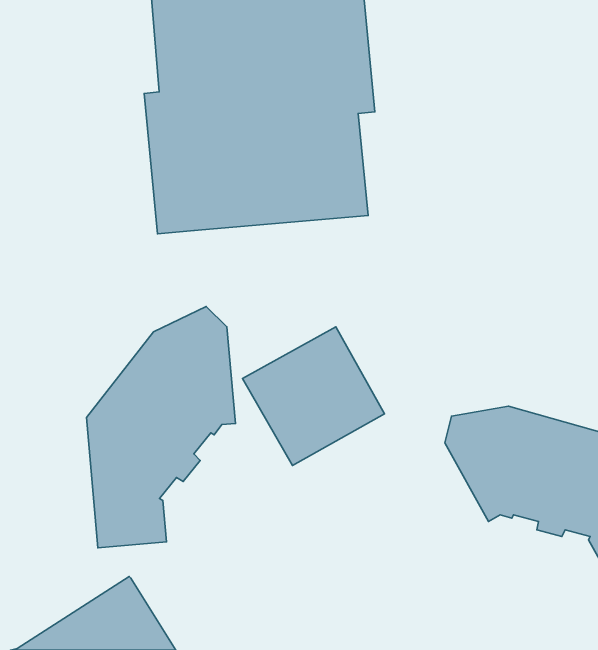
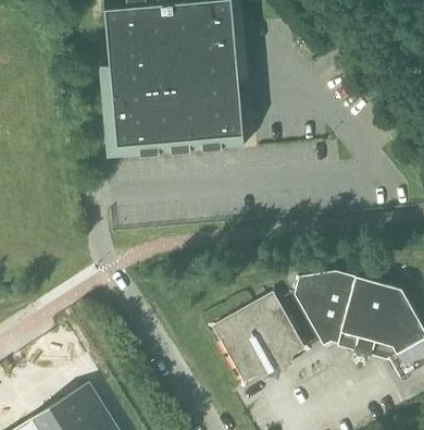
building: [87,307,235,548] -> none
building: [242,327,384,466] -> [212,292,304,382]

